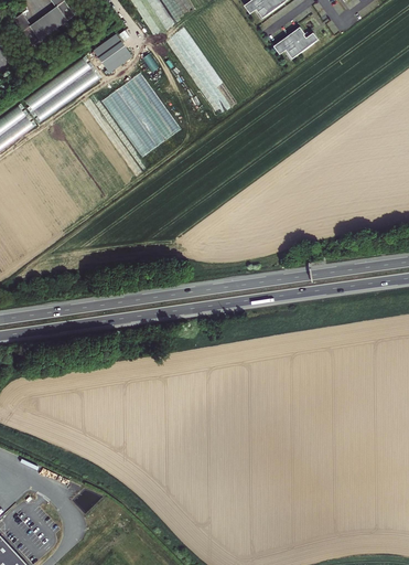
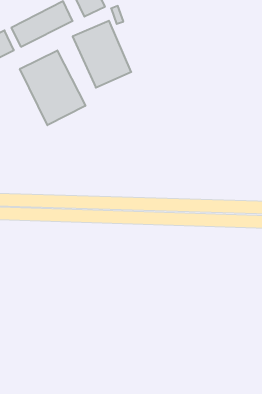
building: [273,28,316,58] -> none
building: none -> [20,50,85,125]

